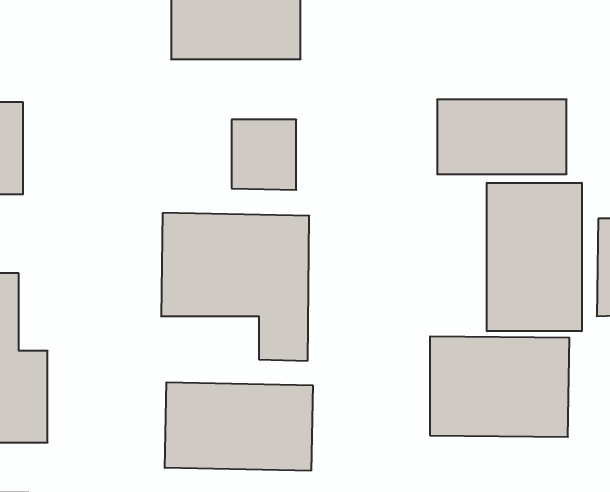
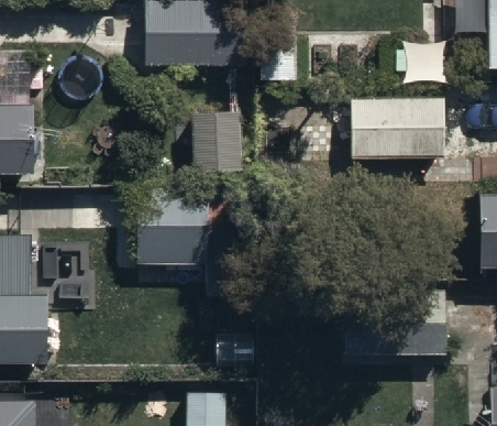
building: [487,183,582,331] -> none
building: [165,382,313,471] -> none

